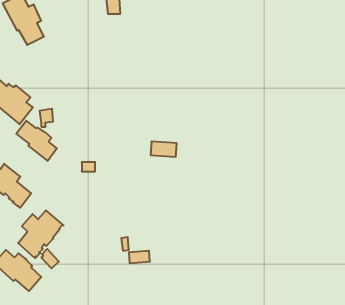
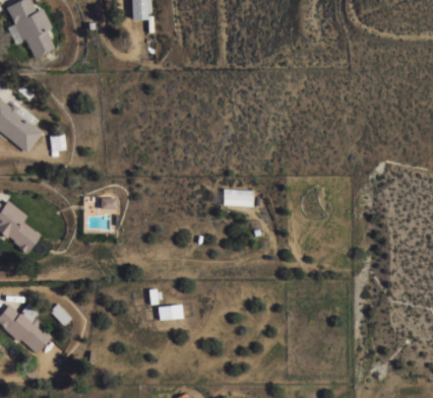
building: [16,121,57,161] -> none
building: [151,142,177,157] -> [223,189,254,207]
building: [18,210,64,258] -> none

